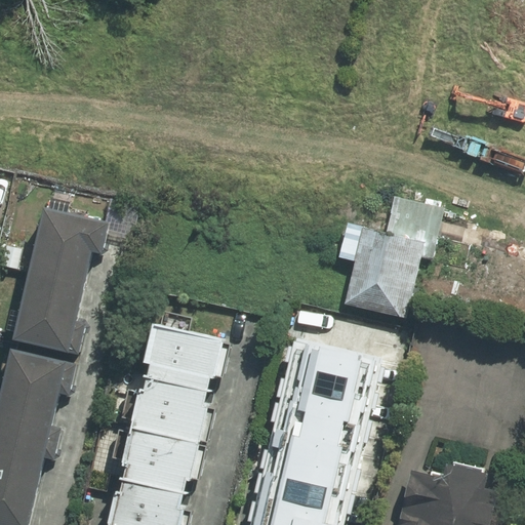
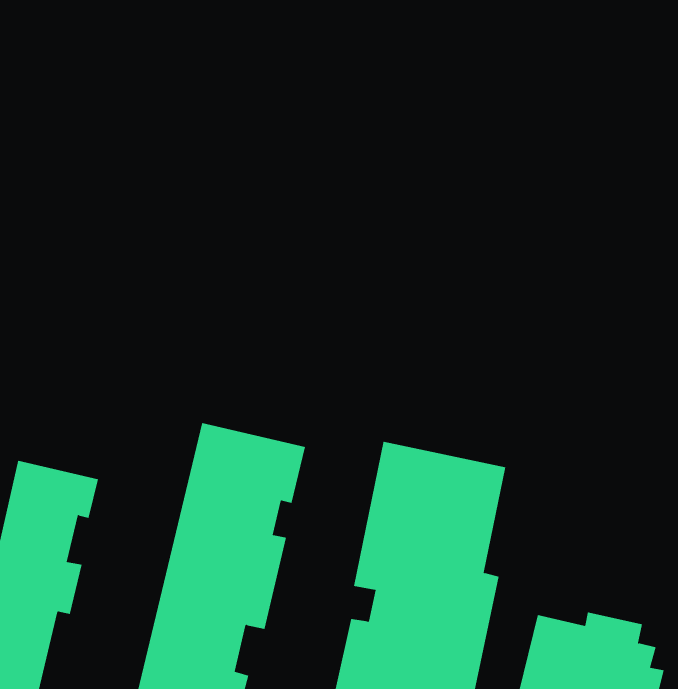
building: [11,206,109,356] -> none
building: [330,209,460,322] -> none

